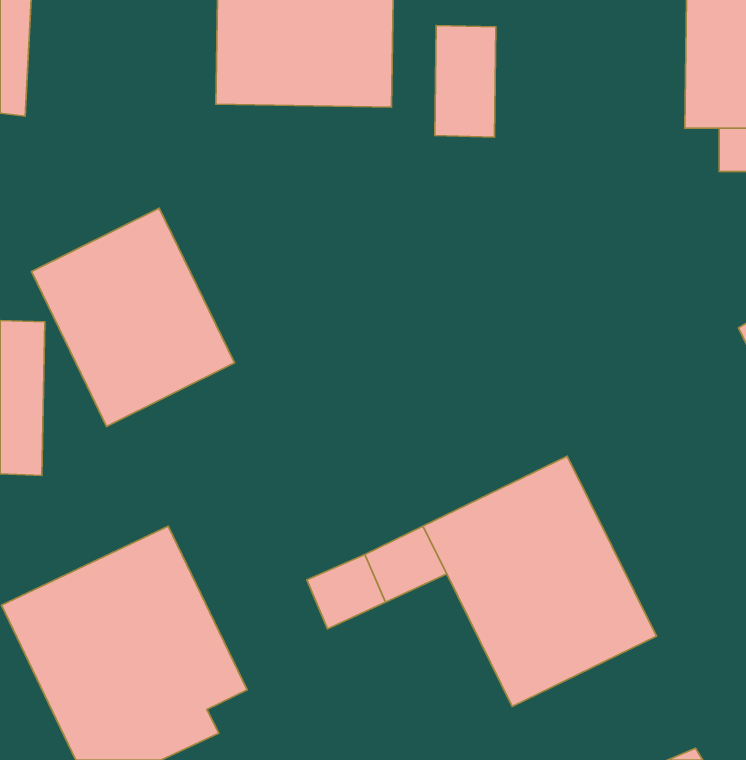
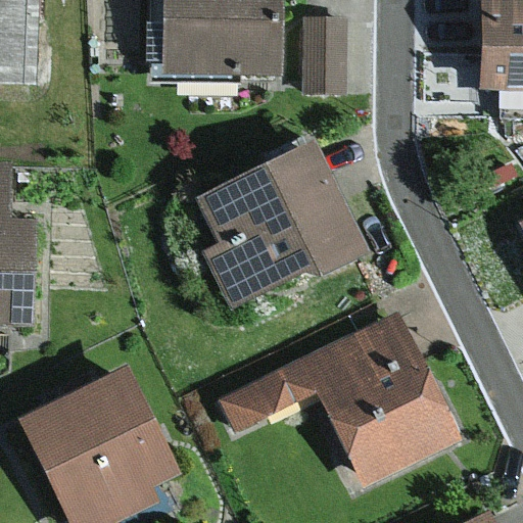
building: [31,208,234,426] -> none
building: none -> [198,144,359,311]

